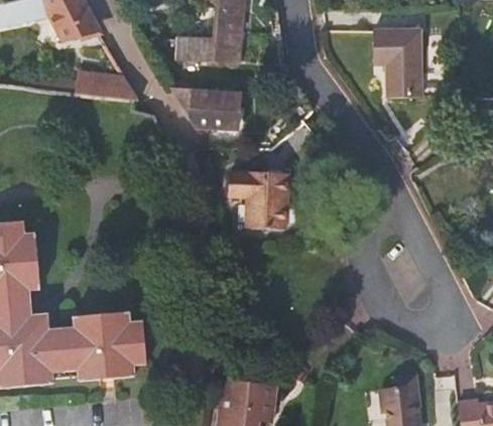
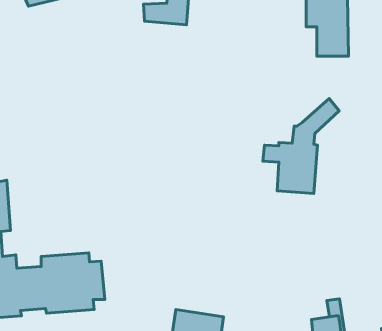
building: [76,72,139,99] -> none
building: [172,86,241,126] -> none
building: [226,121,312,228] -> [263,98,339,194]

